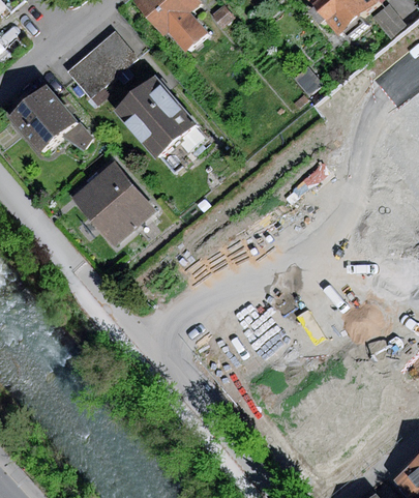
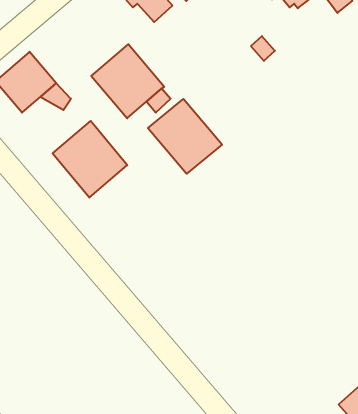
building: [67,30,138,97] -> none
building: none -> [148,99,222,174]

